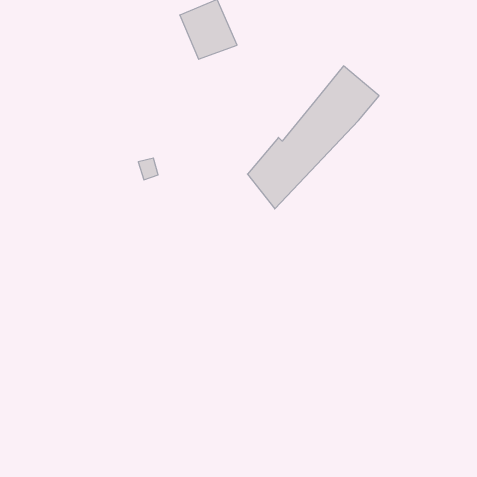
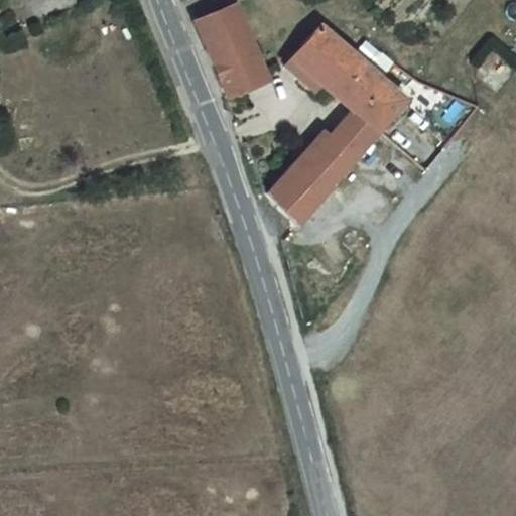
building: none -> [293,32,372,108]
building: none -> [217,48,269,93]

